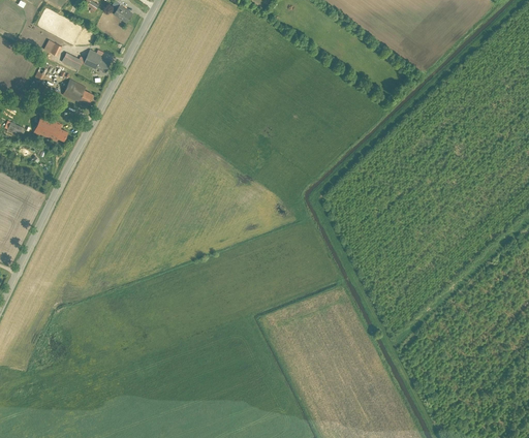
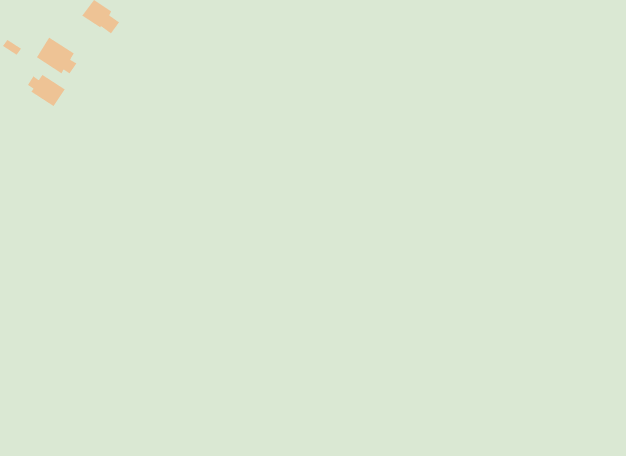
building: none -> [27,74,66,107]

